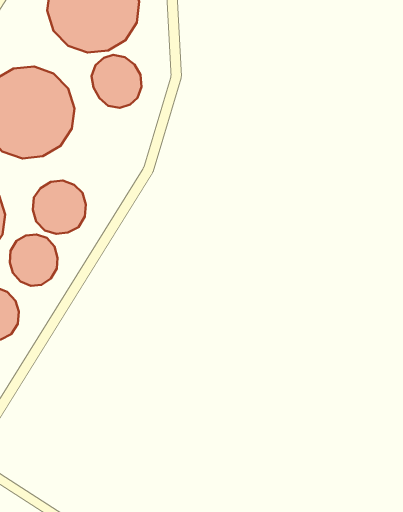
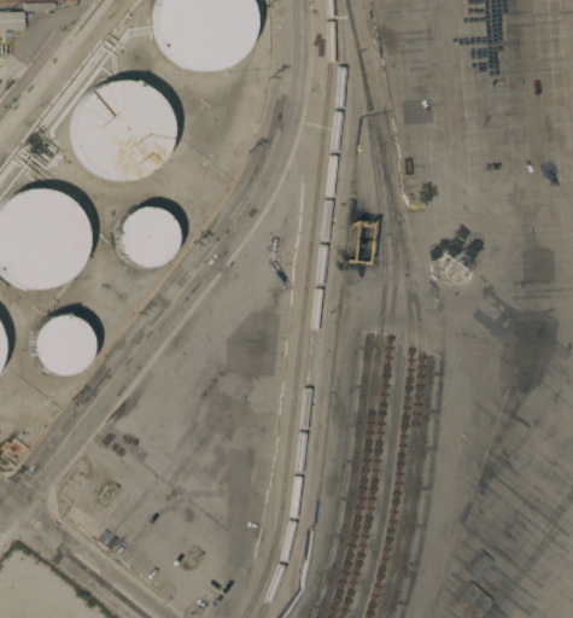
building: [91,55,142,108] -> none
building: [10,235,58,286] -> none

